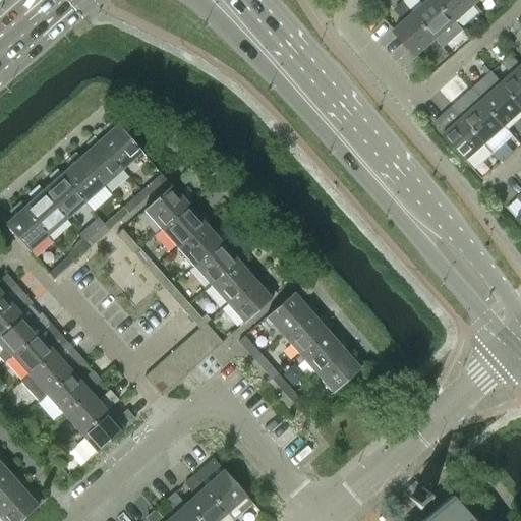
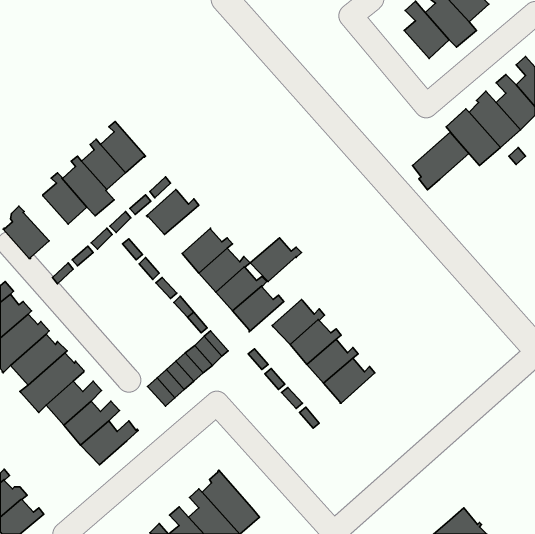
building: none -> [413,132,469,190]
building: [22,184,66,234] -> none
building: [160,204,210,246] -> [250,238,302,282]

